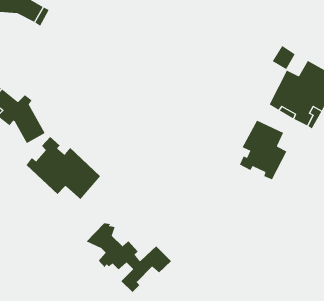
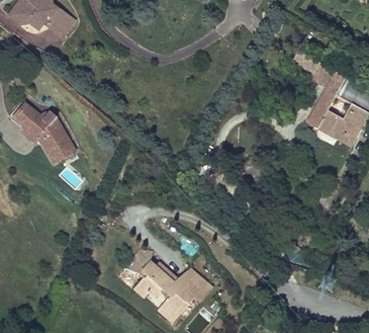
building: [239,120,287,180] -> none
building: [26,136,101,200] -> none

